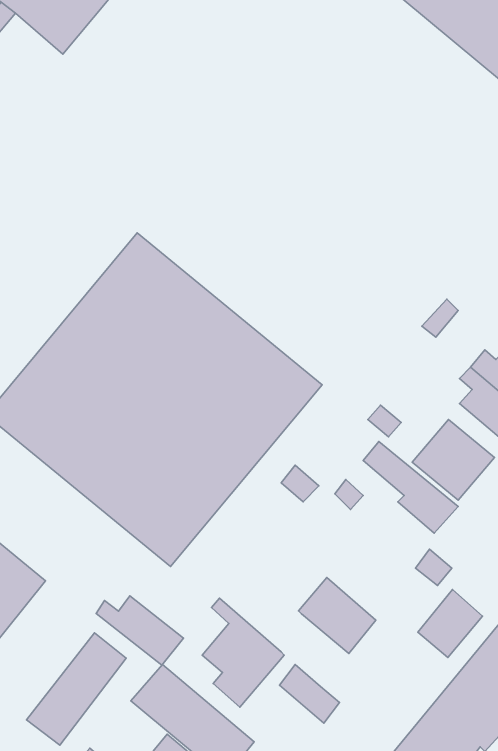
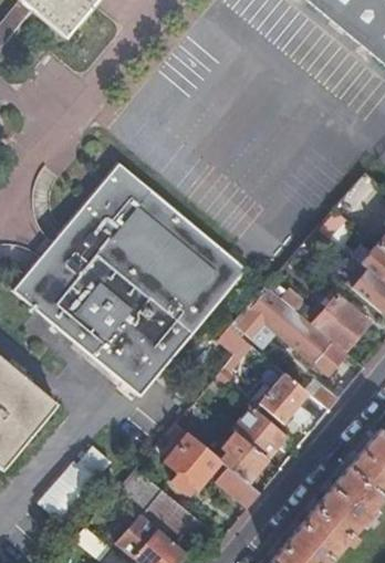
building: none -> [237,288,290,336]
building: [418,589,483,657] -> [259,373,304,420]
building: [96,596,184,665] -> none
building: none -> [219,430,267,481]

